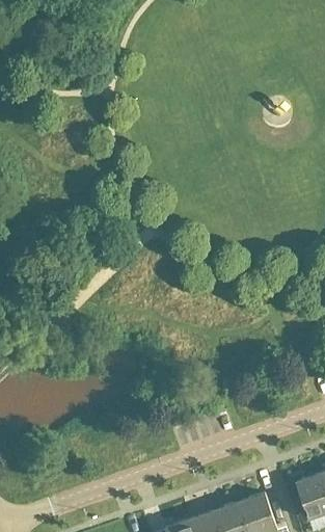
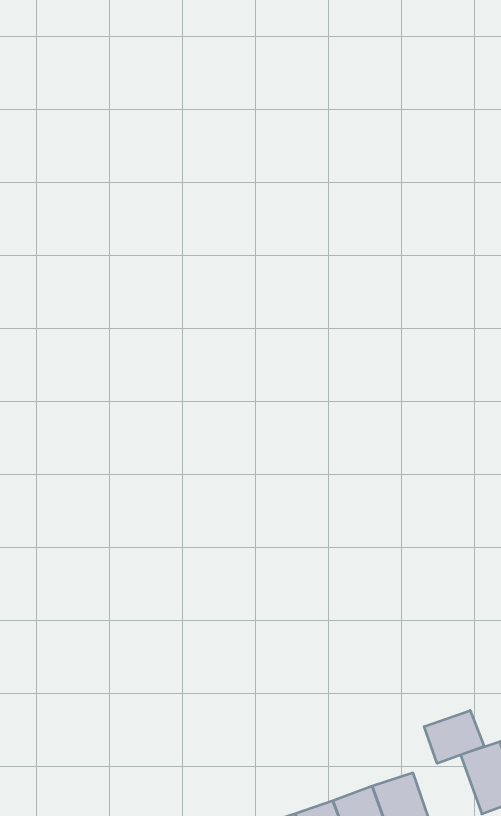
building: none -> [424,710,484,763]

